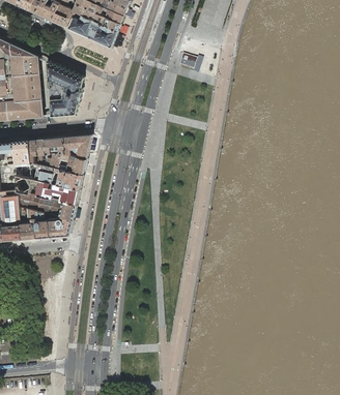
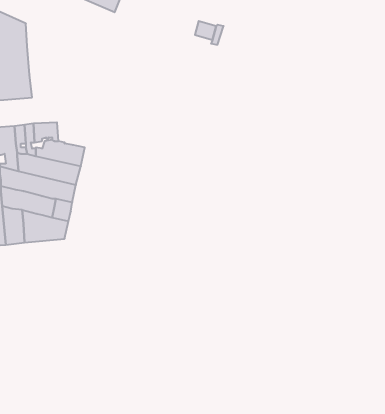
building: [45,61,82,116] -> none
building: [62,134,90,158] -> none

